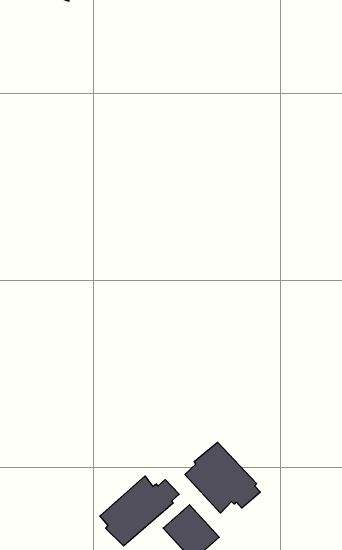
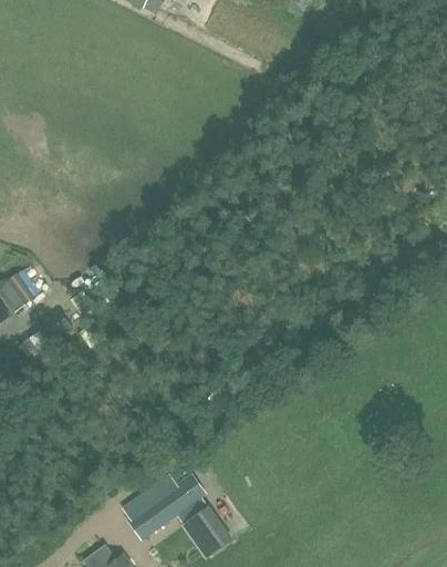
building: [185,442,260,513] -> none

